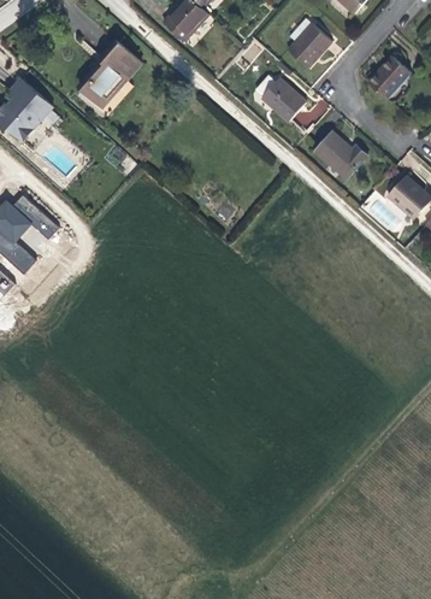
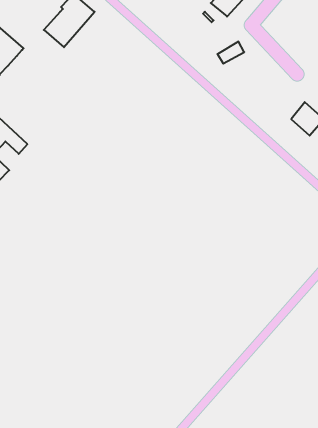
building: [368,55,411,99] -> none
building: [256,75,306,122] -> none
building: [314,130,367,178] -> none

